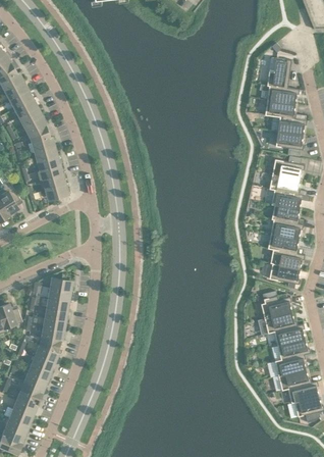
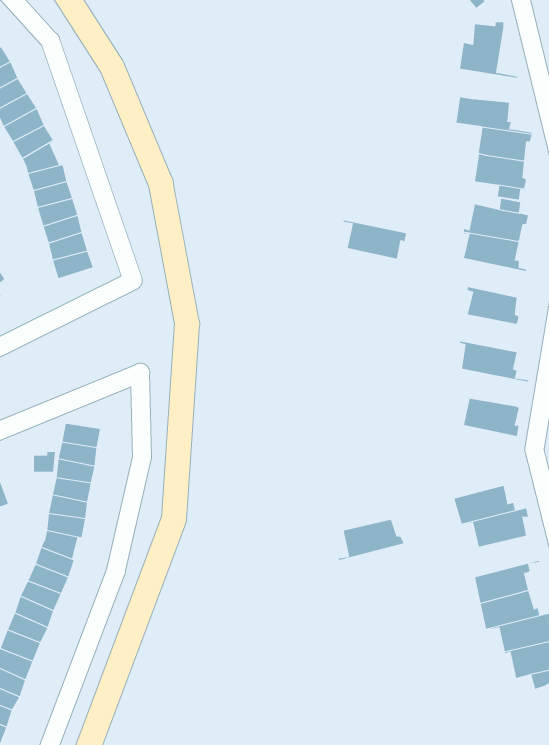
building: [266,86,298,104] -> none
building: [268,189,303,210] -> [343,220,407,259]
building: [266,219,302,240] -> none
building: [267,249,304,270] -> none
building: [260,296,290,319] -> none
building: [273,340,310,362] -> [337,519,405,560]

